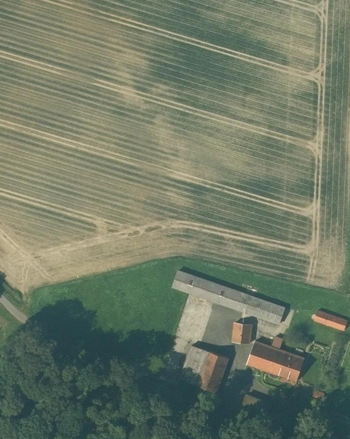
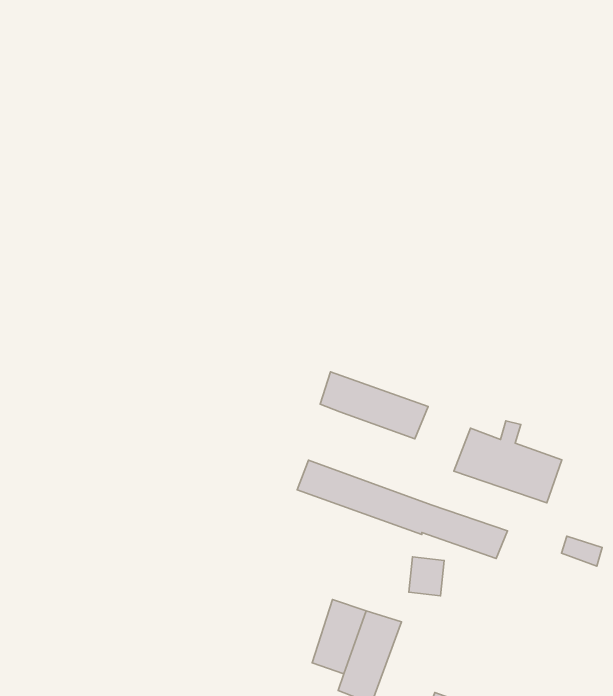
building: none -> [320,372,428,439]
building: [246,337,304,381] -> [454,421,562,503]

